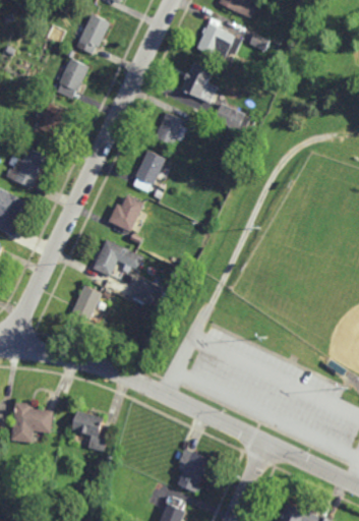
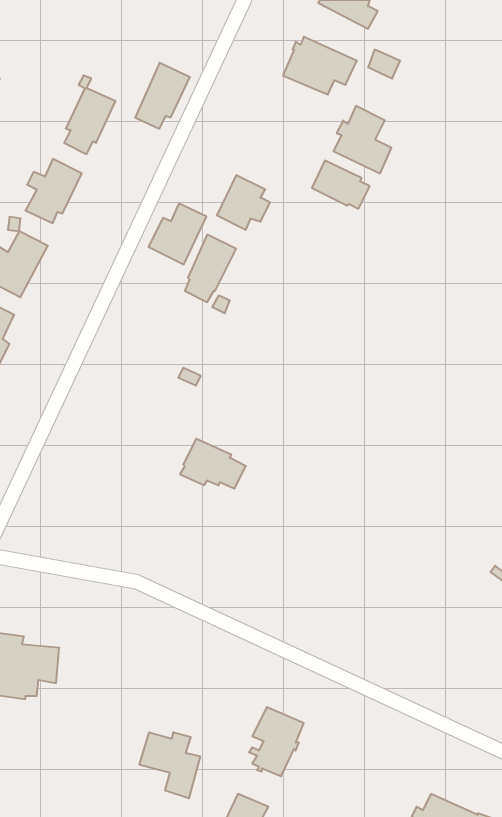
building: [76,12,111,54] -> [135,63,190,129]
building: [180,61,217,104] -> [333,106,391,174]
building: [108,194,144,233] -> [148,204,206,265]
building: [93,239,144,277] -> none
building: [71,285,110,322] -> none
building: [71,411,110,453] -> [139,732,200,798]

